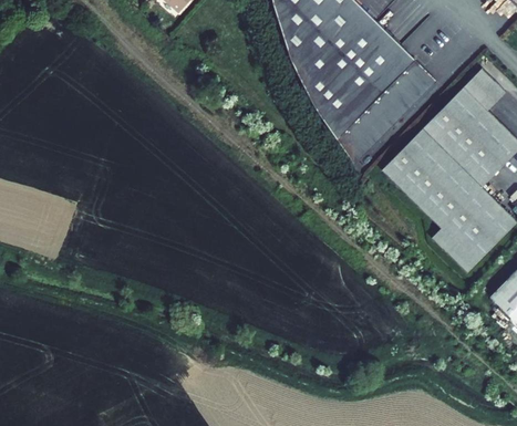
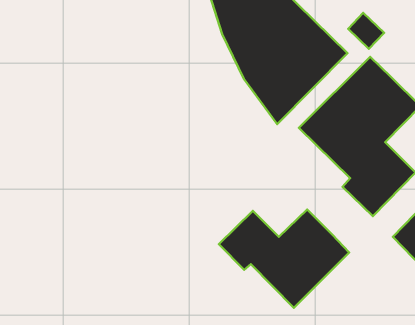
building: [464,67,506,110] -> [348,13,384,49]
building: none -> [219,210,349,308]

